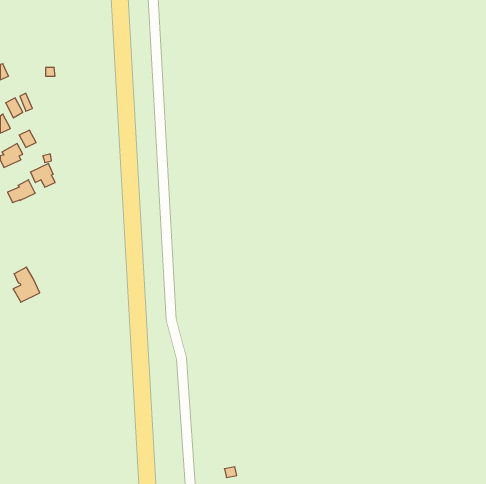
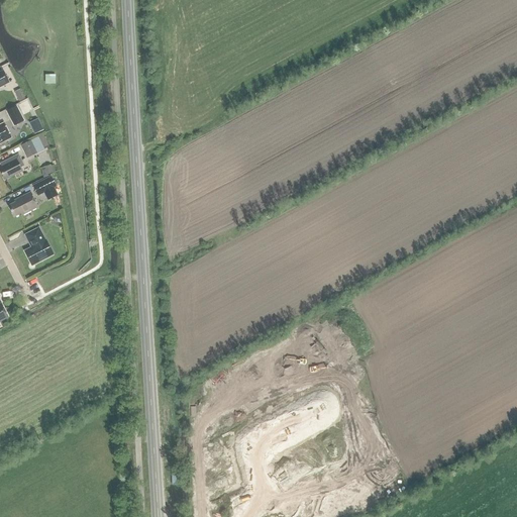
building: [13,267,40,302] -> [24,226,53,264]

